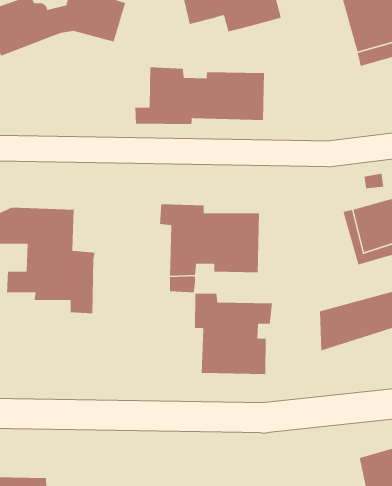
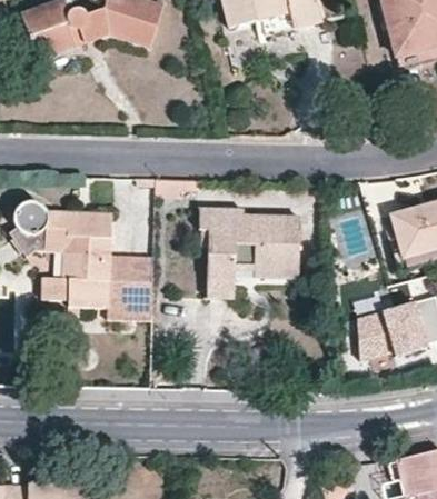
building: [135,66,265,125] -> none
building: none -> [130,262,152,318]
building: [194,293,273,375] -> none

